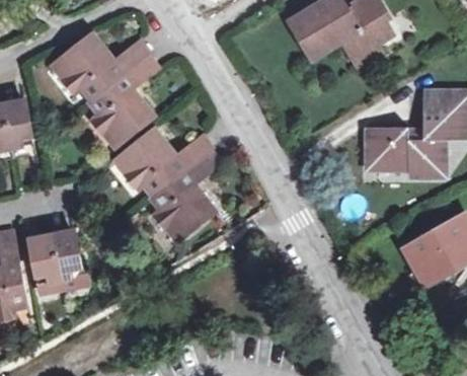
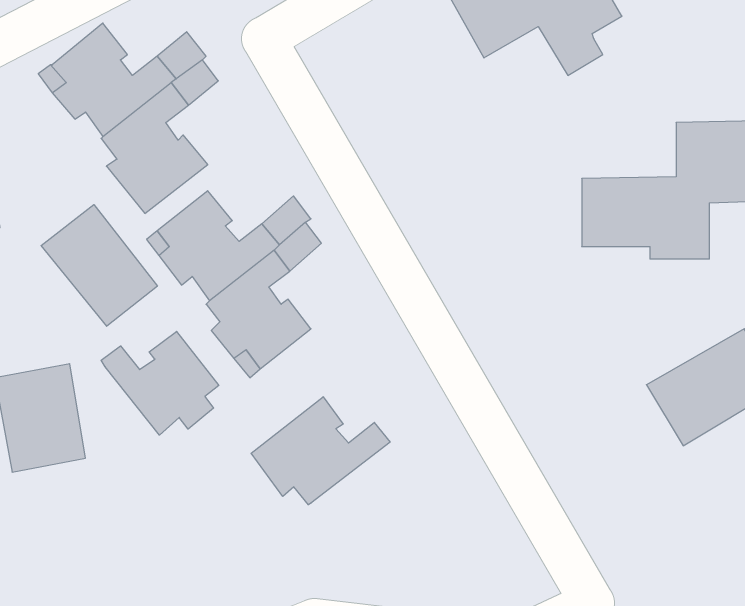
building: none -> [41,205,157,326]
building: none -> [101,331,219,435]
building: none -> [251,397,390,505]

